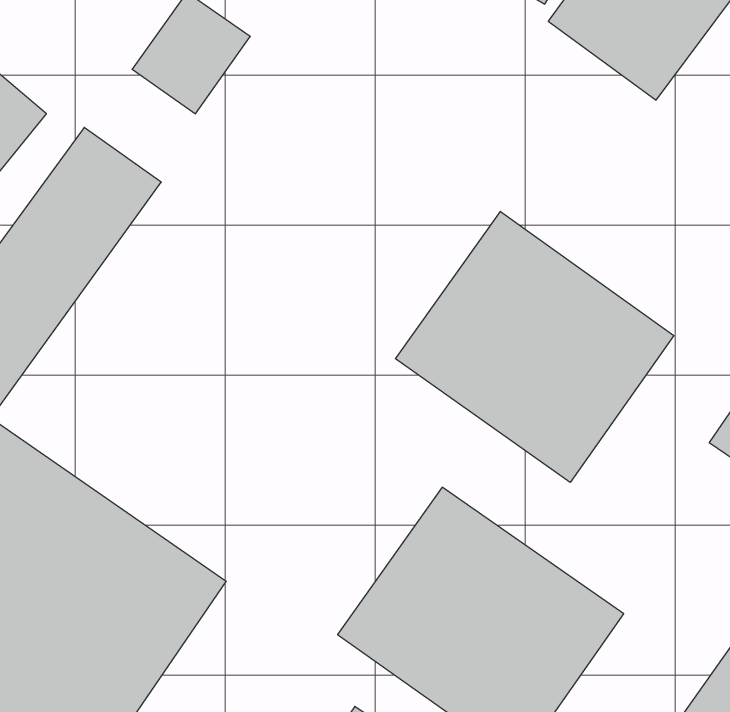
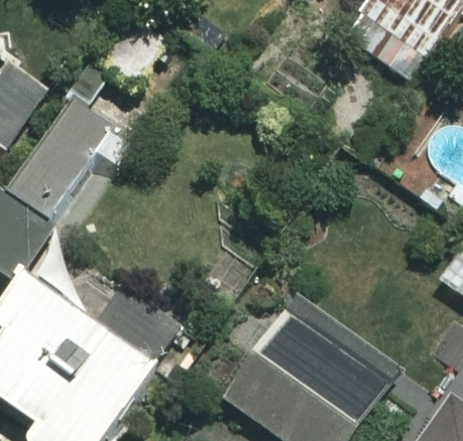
building: [395,211,674,482] -> none

